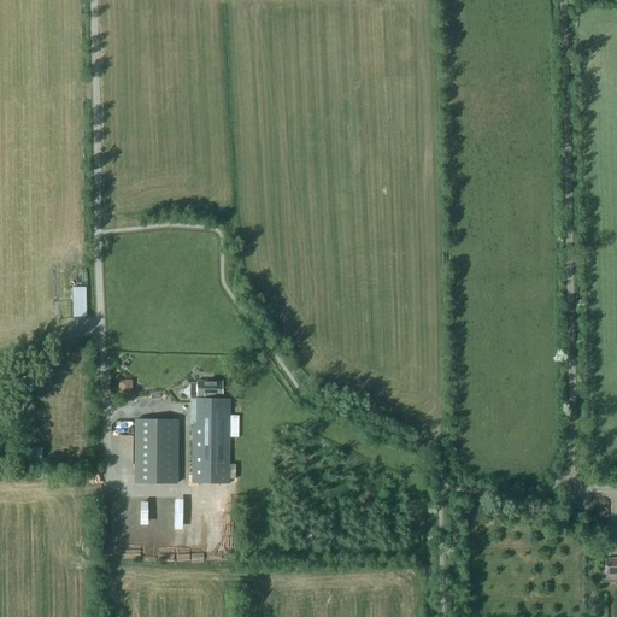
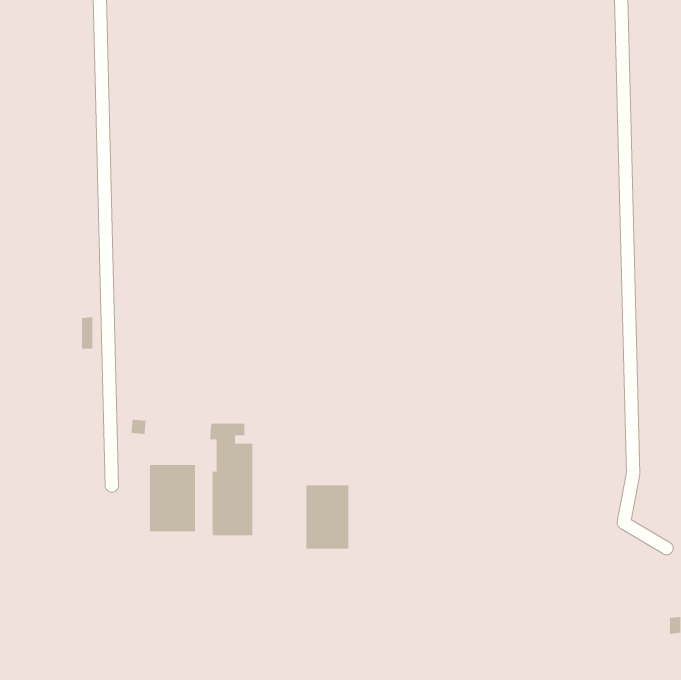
building: none -> [306,484,349,549]

